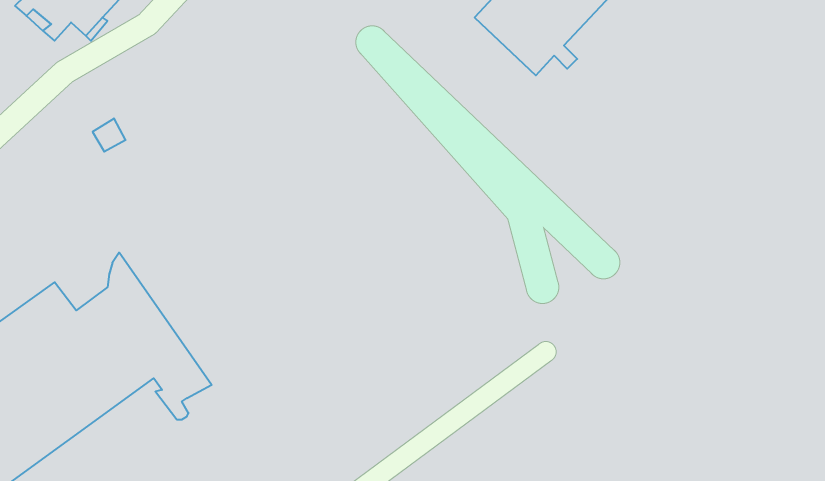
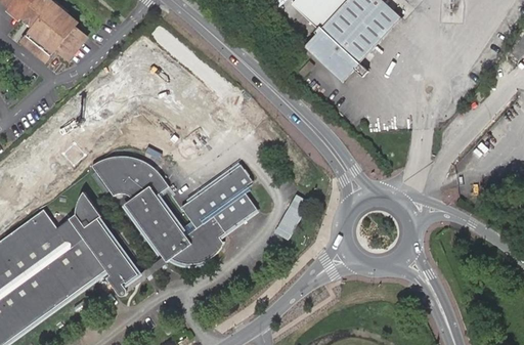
building: none -> [91,156,256,264]

